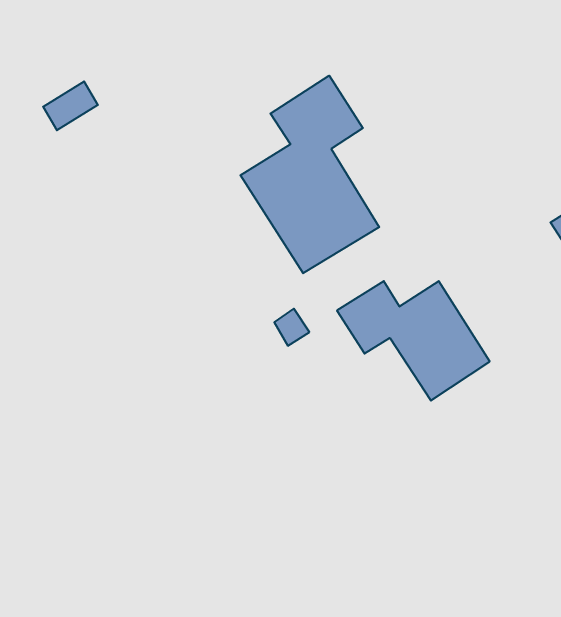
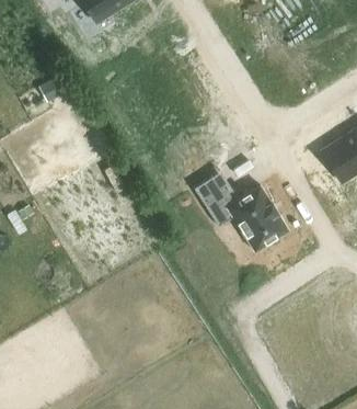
building: [240,76,379,273] -> none

